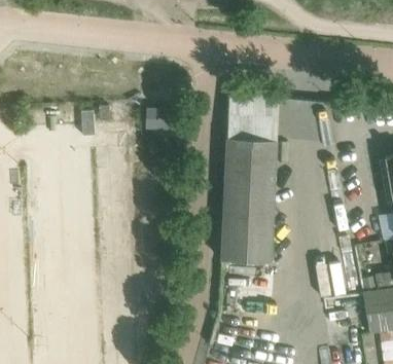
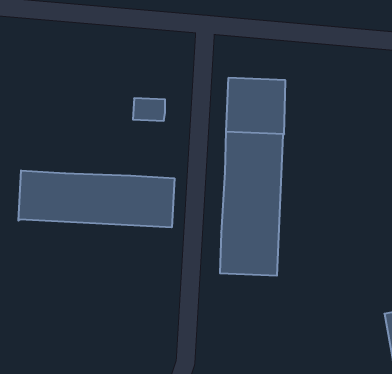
building: none -> [18,170,174,227]

